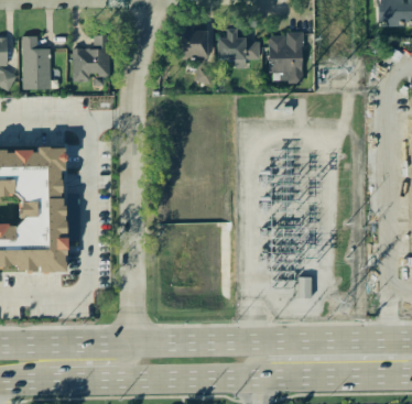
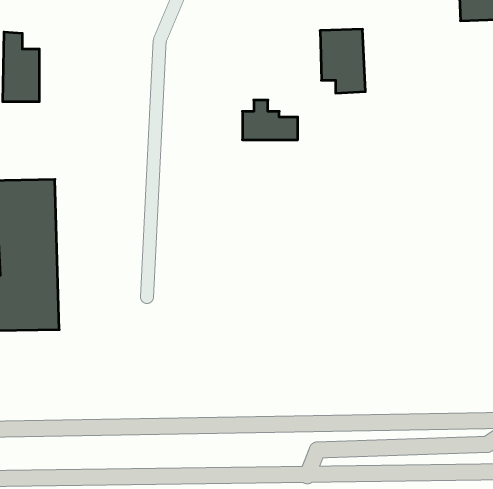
building: [217,29,260,59] -> [242,100,298,140]
building: [178,30,208,58] -> none
building: [72,48,110,81] -> none

